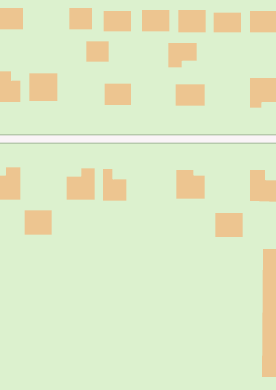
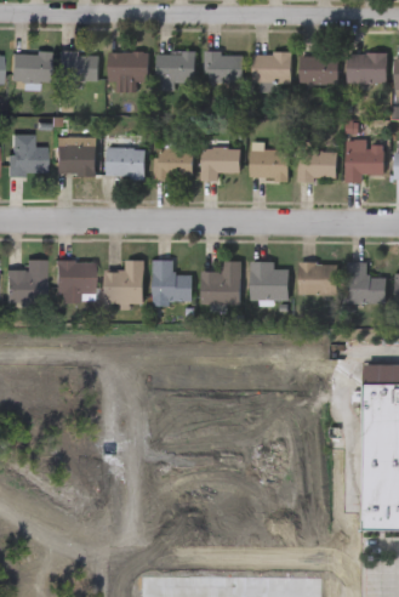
building: none -> [62,52,99,80]
building: [85,41,110,62] -> [108,147,139,175]
building: [168,43,197,68] -> [200,148,239,181]
building: none -> [298,152,336,180]
building: none -> [201,261,241,306]
building: [24,210,53,235] -> [58,260,96,292]
building: [215,212,243,237] -> [298,262,336,295]

